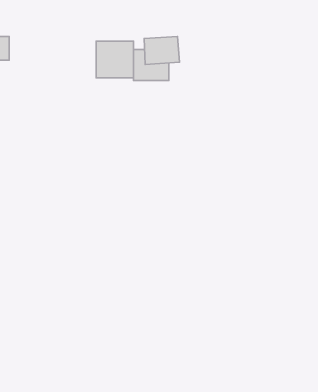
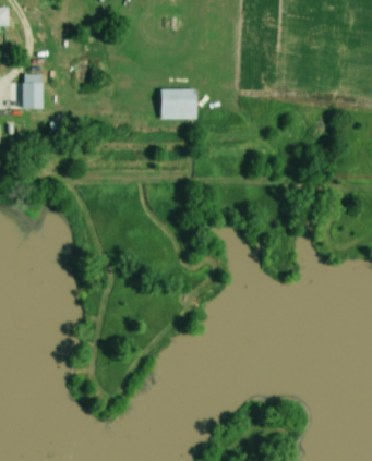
building: [96,41,133,78] -> none

